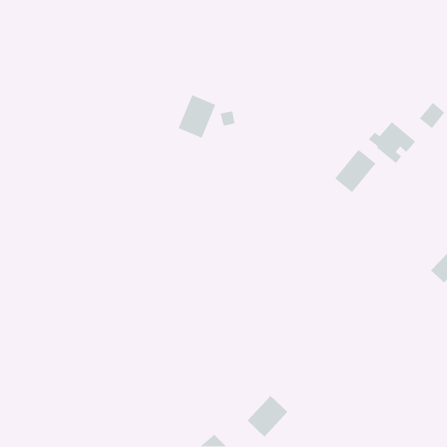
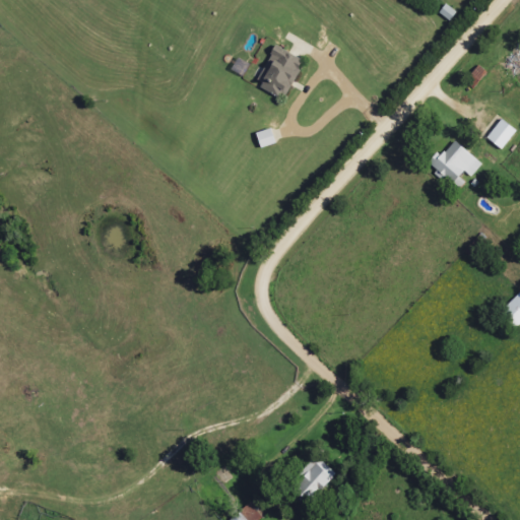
building: [178,94,216,139] -> [258,47,303,99]
building: [334,149,377,193] -> none

